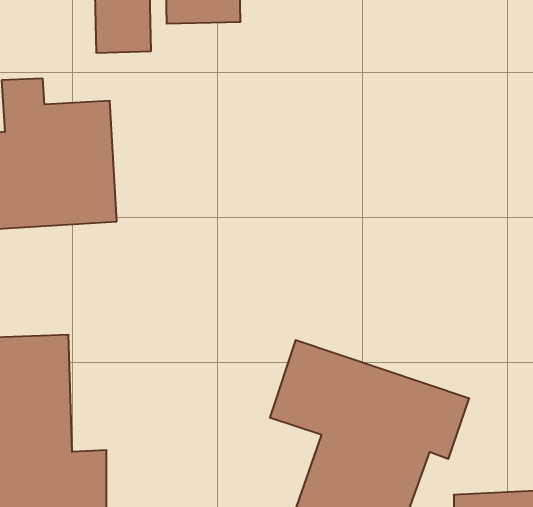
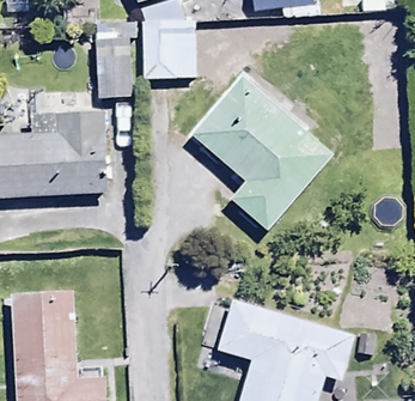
building: none -> [191,62,329,211]

